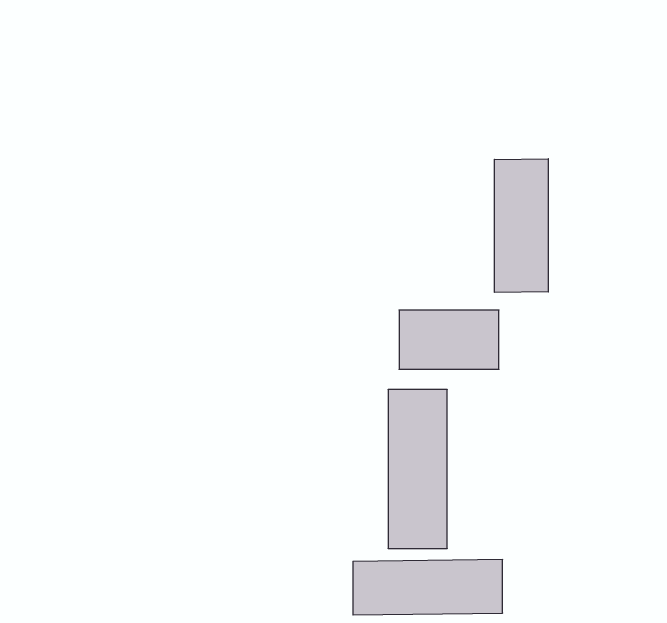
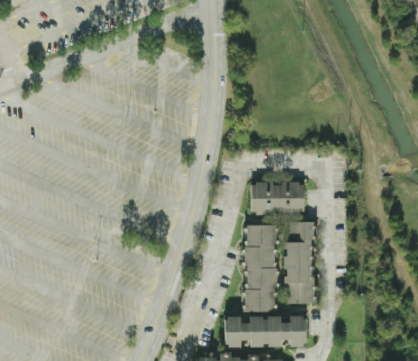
building: [494,159,548,292] -> none
building: none -> [284,221,313,303]

